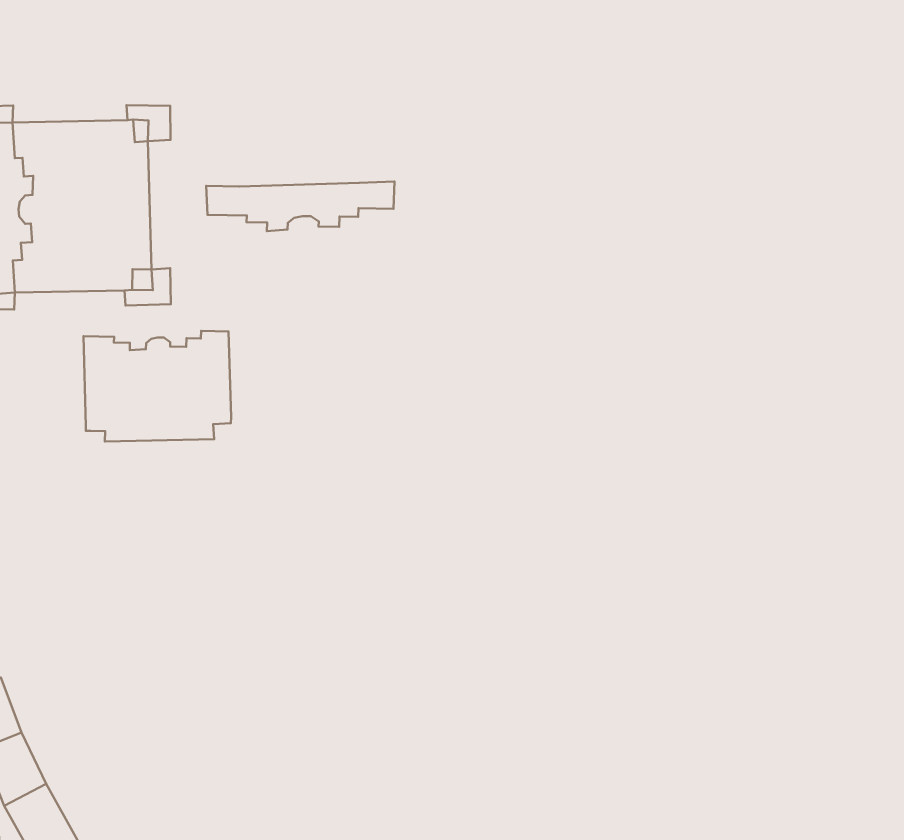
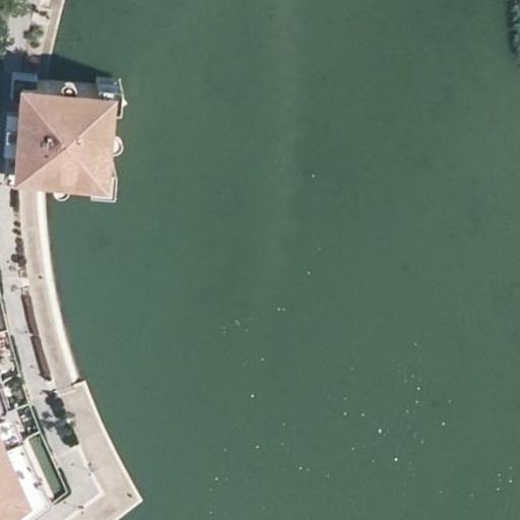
building: [206,181,394,231] -> none
building: [83,331,231,441] -> none

